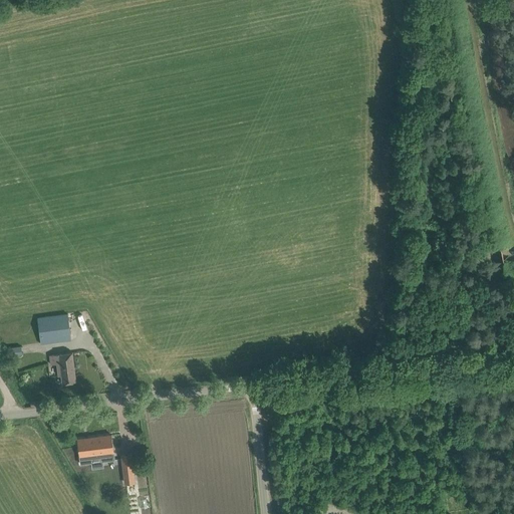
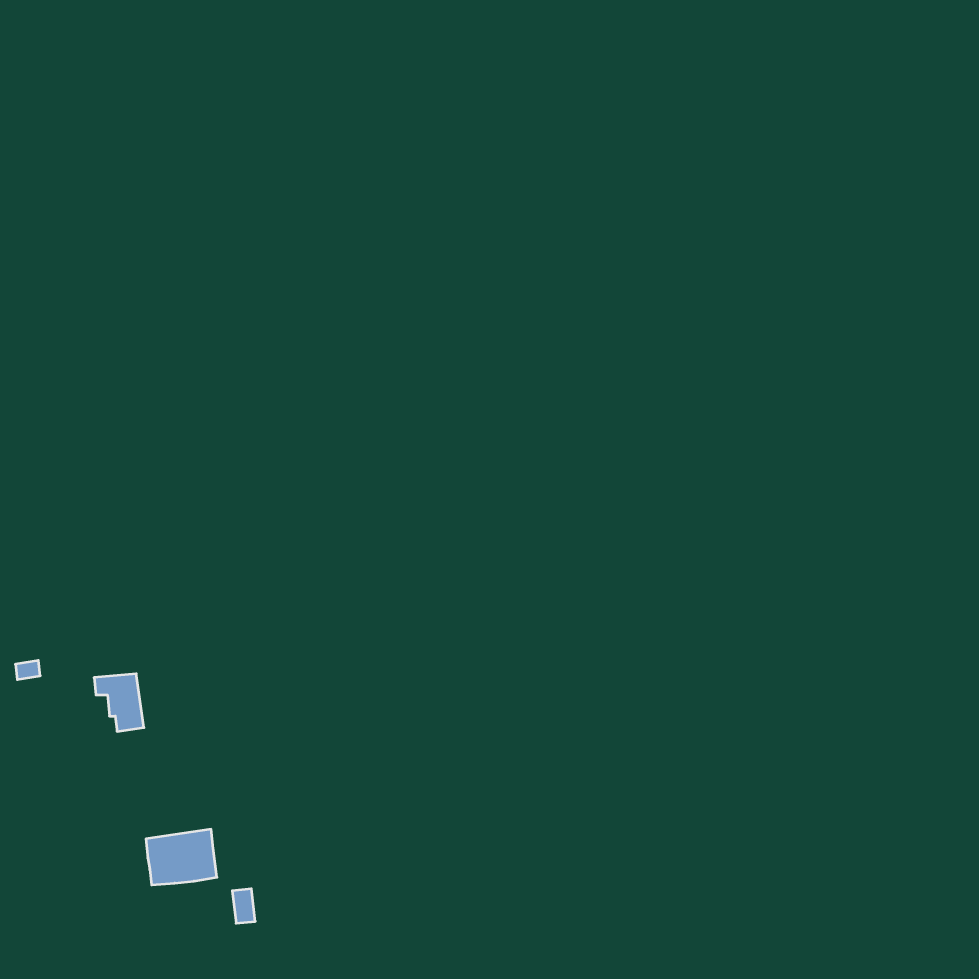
building: [37,314,70,344] -> none

